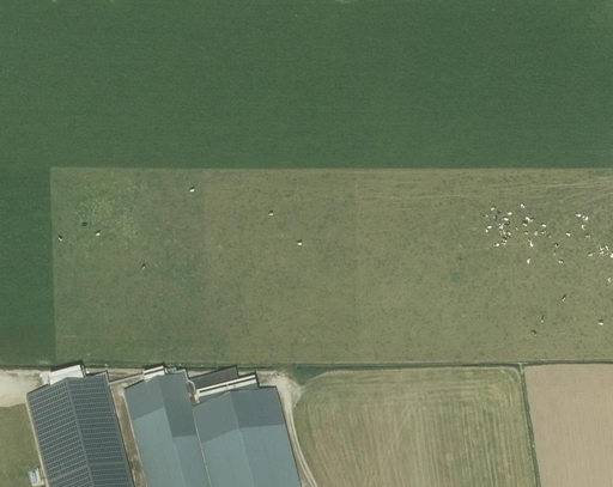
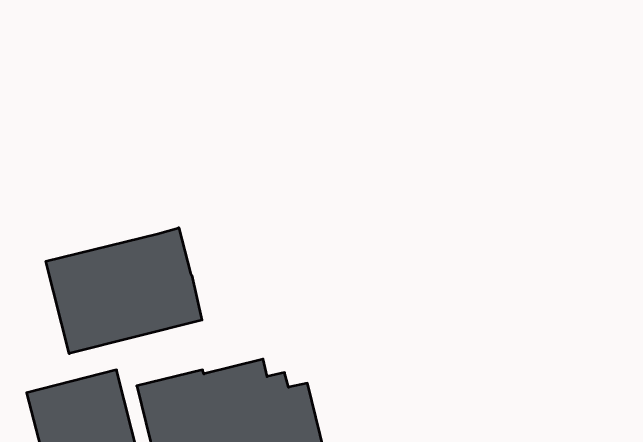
building: none -> [46,228,202,354]

